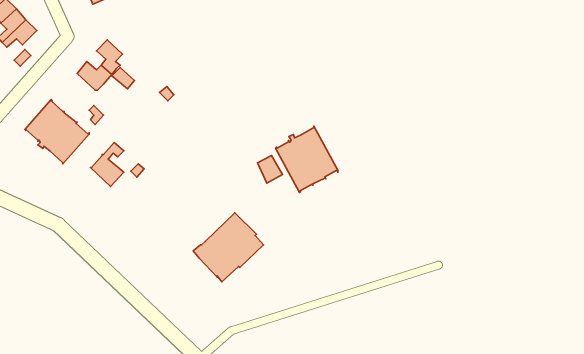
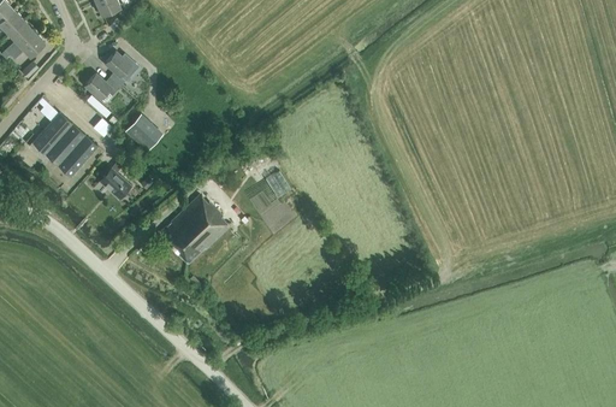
building: none -> [126,118,161,152]
building: [275,126,338,193] -> none
building: [193,213,264,282] -> [159,194,230,264]

